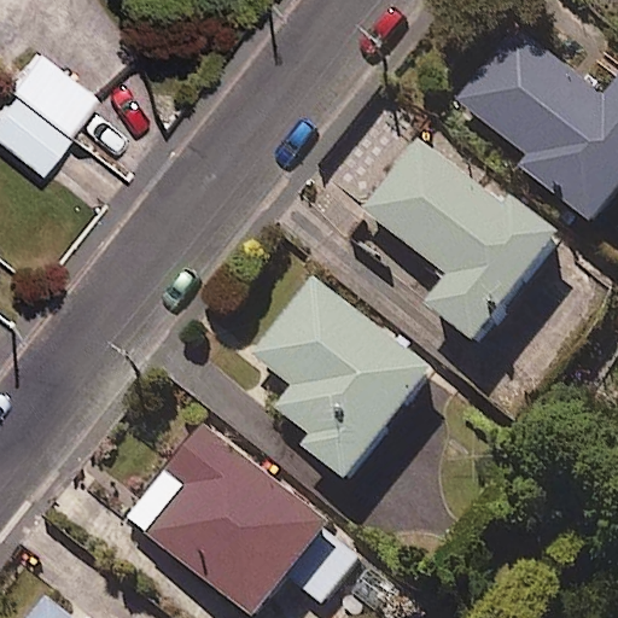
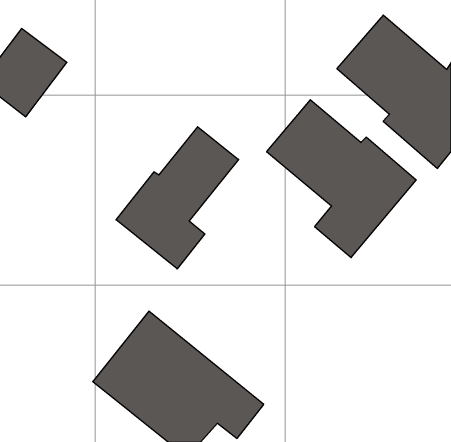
building: none -> [116,127,239,269]
building: [253,278,435,484] -> none

